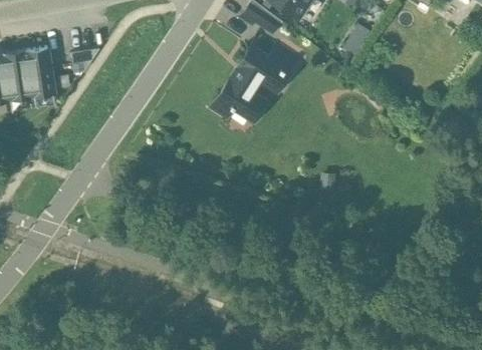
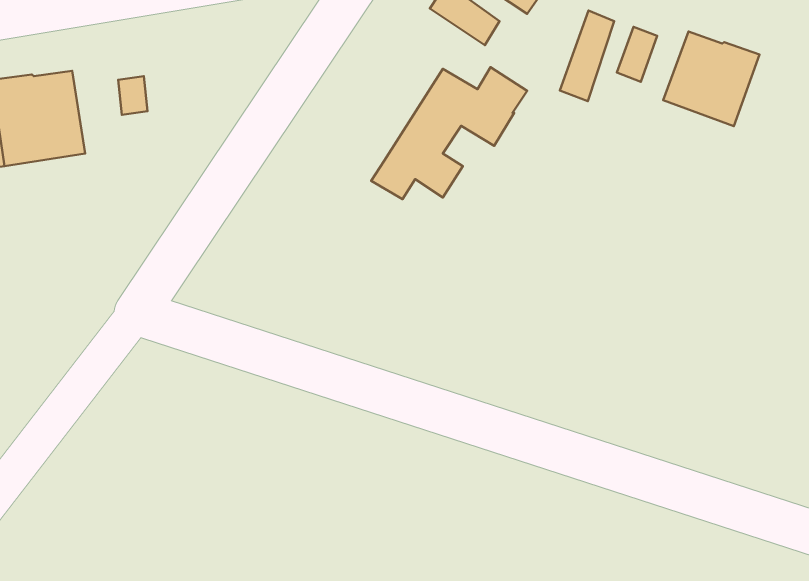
building: none -> [560,11,614,101]
building: none -> [663,32,760,126]

